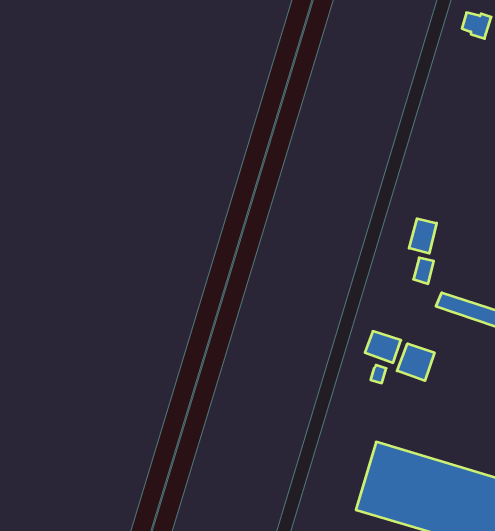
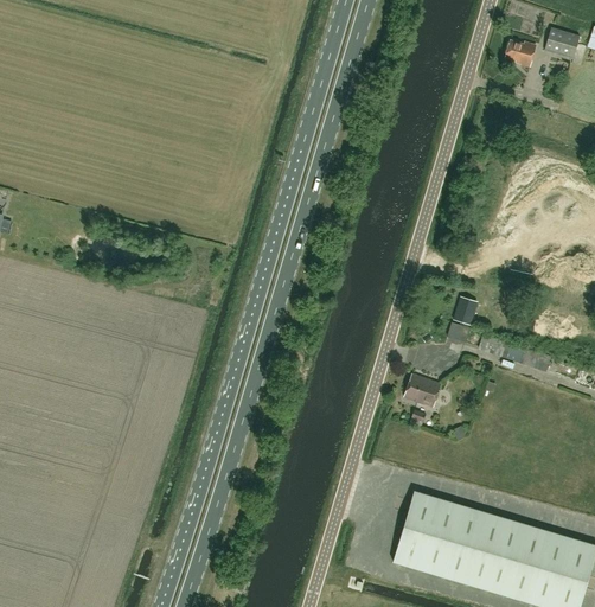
building: [409,219,437,253] -> none
building: [397,344,434,381] -> none

